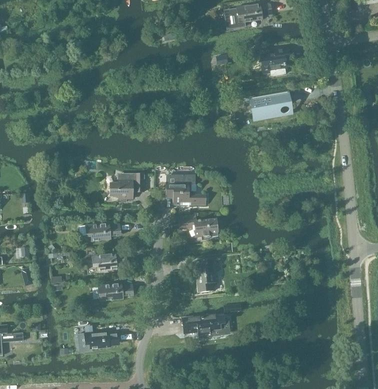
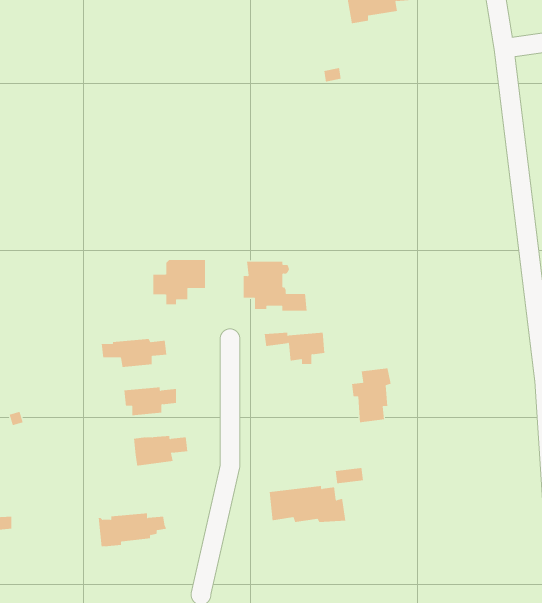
building: [261,46,290,75] -> none
building: [252,94,290,117] -> none
building: [193,258,218,292] -> [351,368,391,423]

